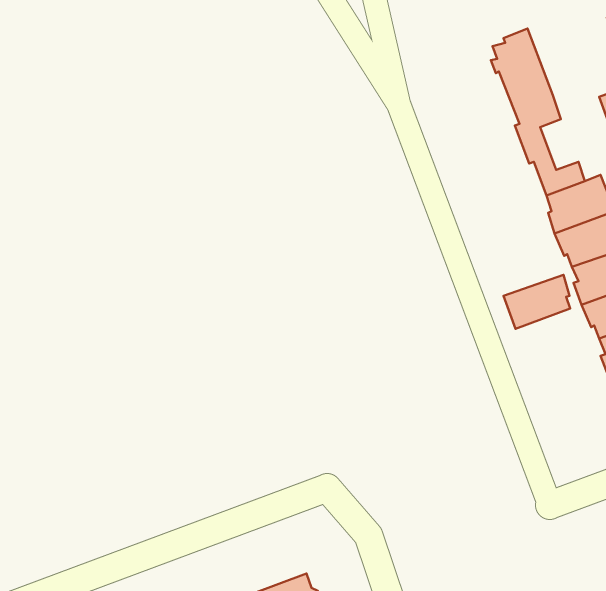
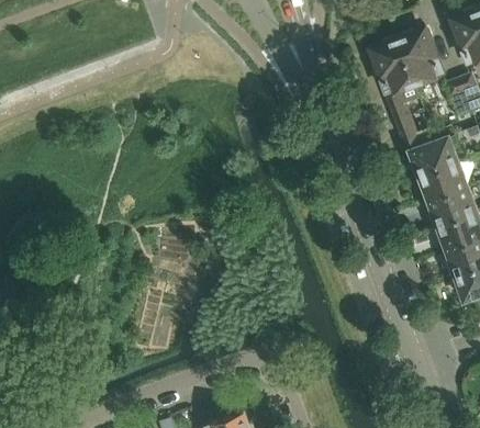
building: none -> [398,30,444,81]
building: [503,275,570,329] -> none

